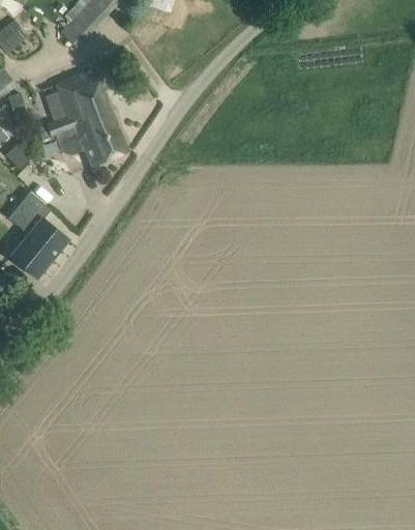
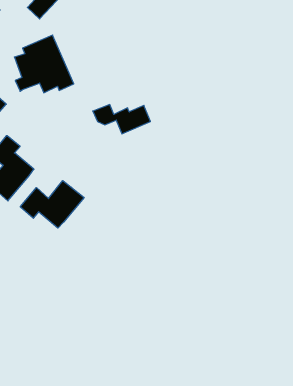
building: [54,128,127,166] -> [93,105,150,134]
building: none -> [20,181,84,228]

